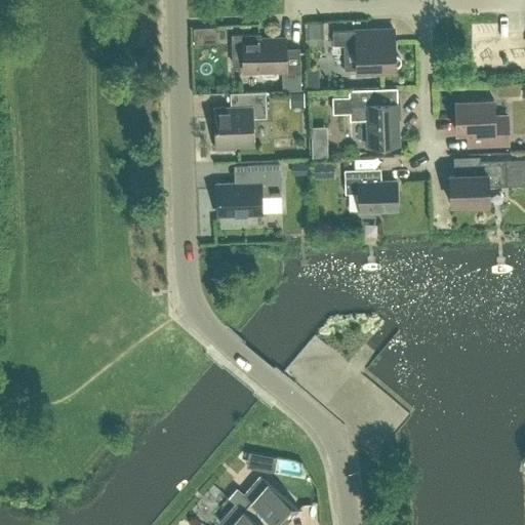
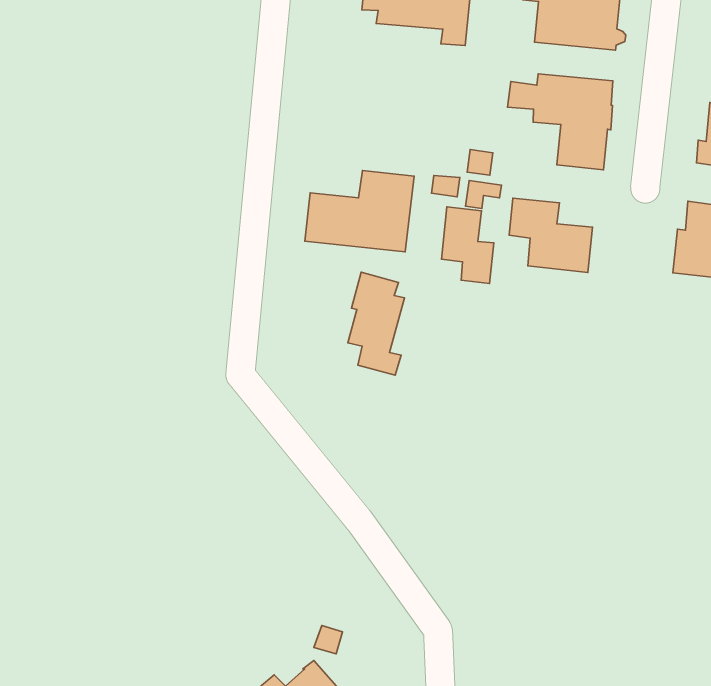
building: [213,93,266,151] -> none
building: none -> [441,207,494,284]
building: none -> [348,272,404,375]

